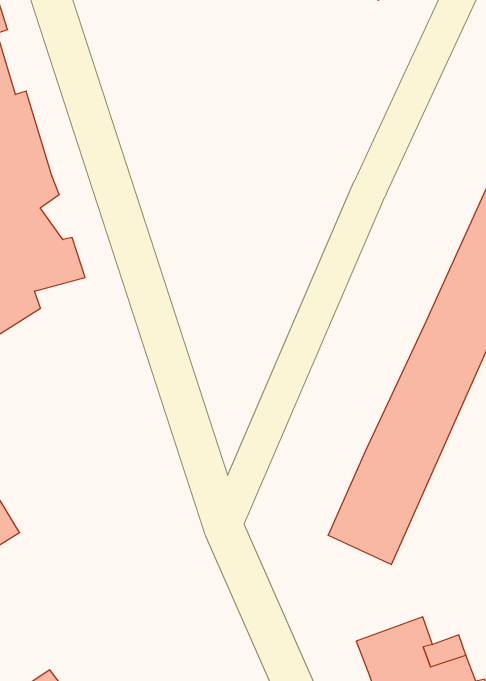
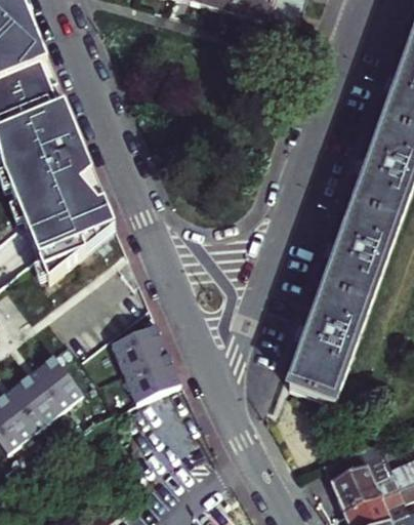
building: none -> [111,318,180,398]

